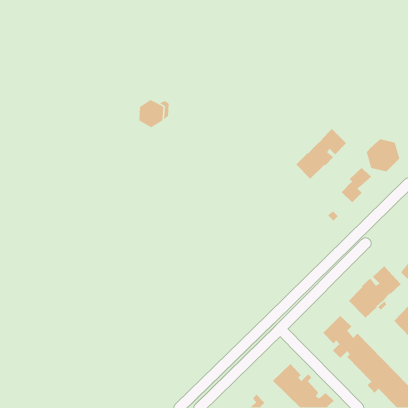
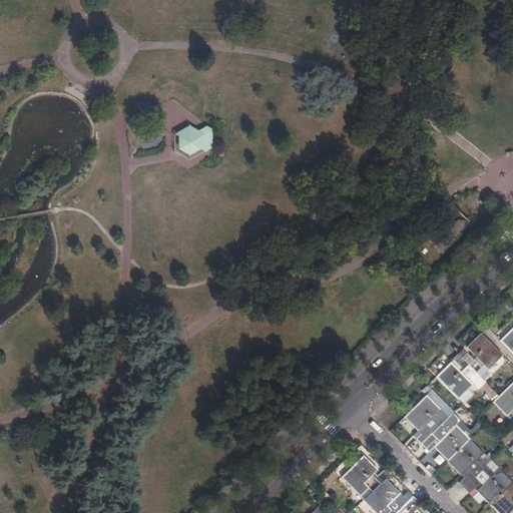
building: [296,128,347,180] -> none
building: [366,138,400,172] -> none

